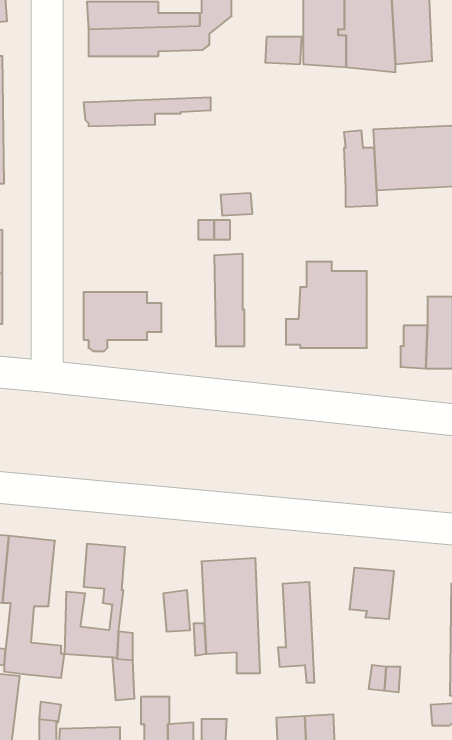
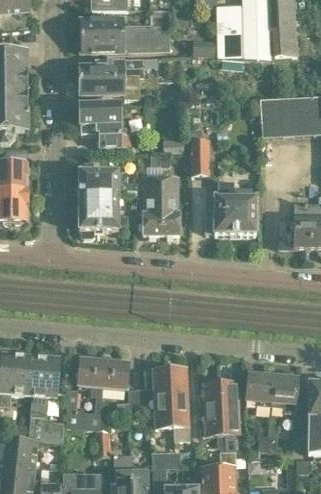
building: none -> [78,57,158,81]
building: [344,130,377,207] -> [190,128,211,176]
building: none -> [78,103,130,147]
building: none -> [78,163,137,200]
building: none -> [142,177,161,234]
building: none -> [102,360,128,389]
building: none -> [270,375,298,412]
building: none -> [220,381,240,445]
building: none -> [152,450,181,468]

